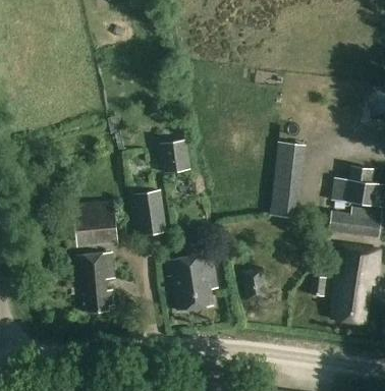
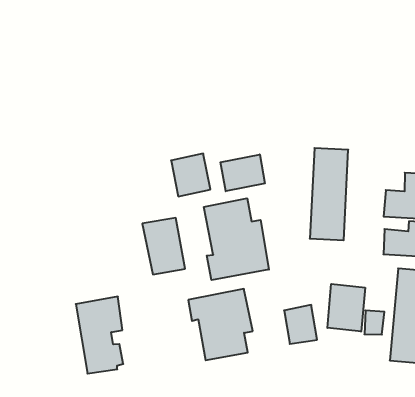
building: none -> [220,154,265,191]
building: none -> [204,198,269,280]
building: [74,202,119,248] -> none
building: none -> [327,284,365,332]

